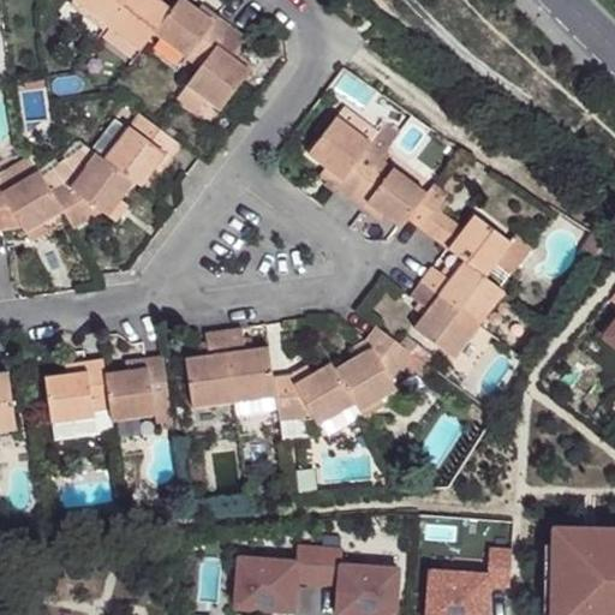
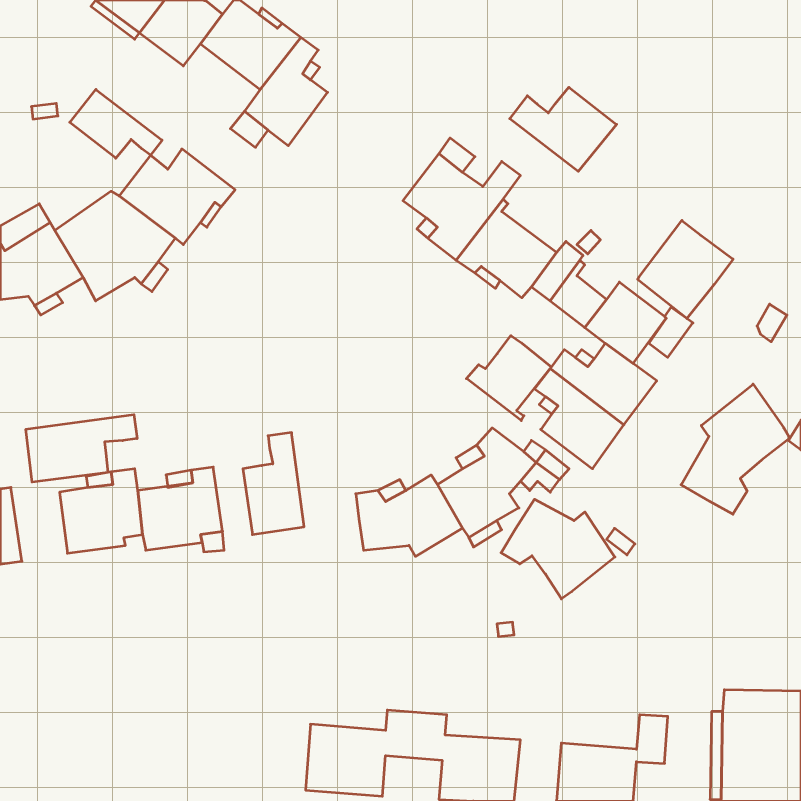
building: none -> [510,87,617,171]
building: none -> [70,89,162,158]
building: none -> [638,220,733,319]
building: none -> [466,336,551,421]
building: none -> [681,384,790,514]
building: none -> [26,415,137,482]
building: [223,329,275,404] -> none
building: none -> [501,499,615,599]

